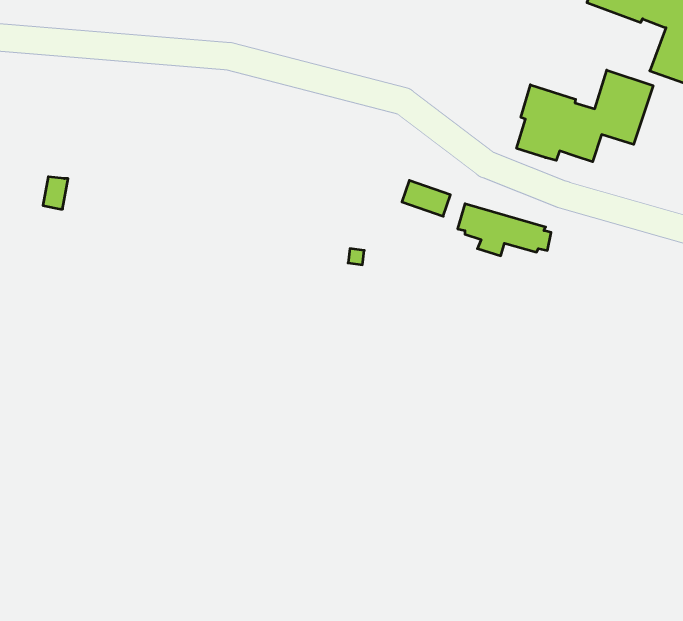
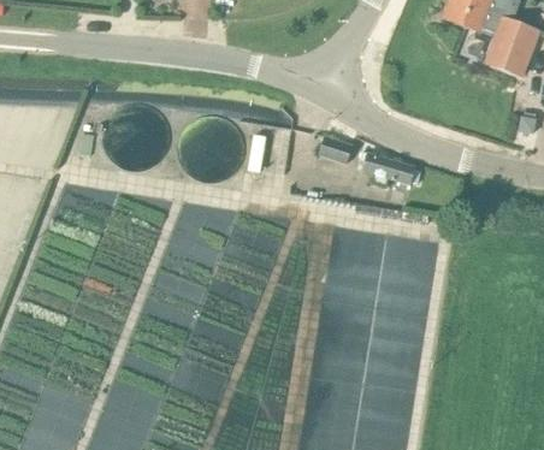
building: [517,70,653,162] -> none

